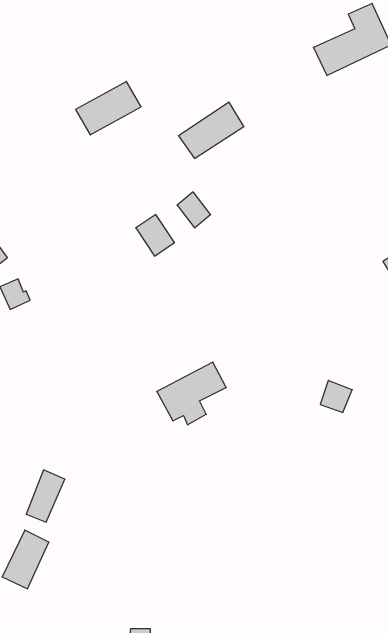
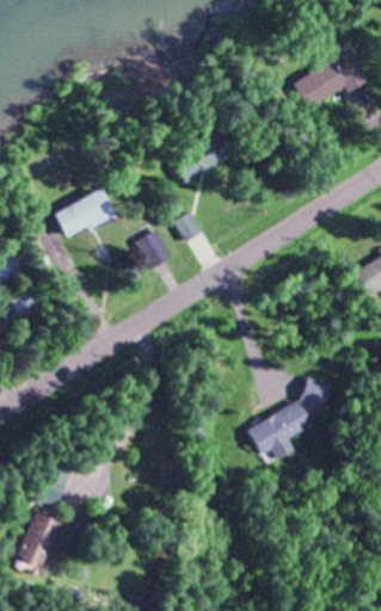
building: [76,81,141,135] -> [56,191,115,239]
building: [157,362,226,425] -> [250,403,312,459]

